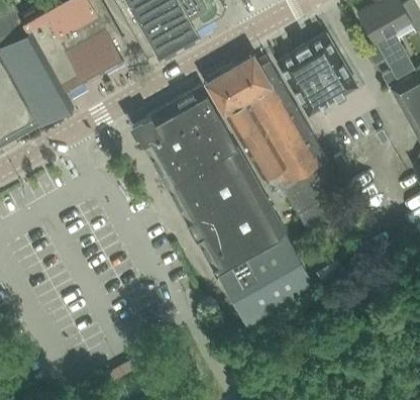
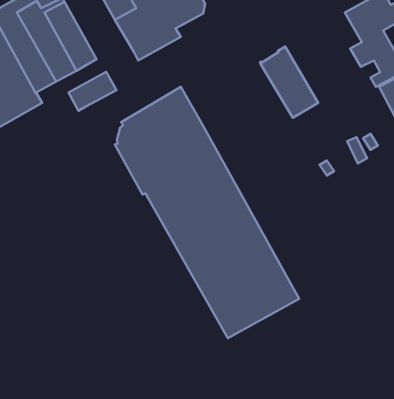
building: [301,33,356,101] -> none
building: [203,53,336,214] -> none
building: none -> [68,72,116,111]

